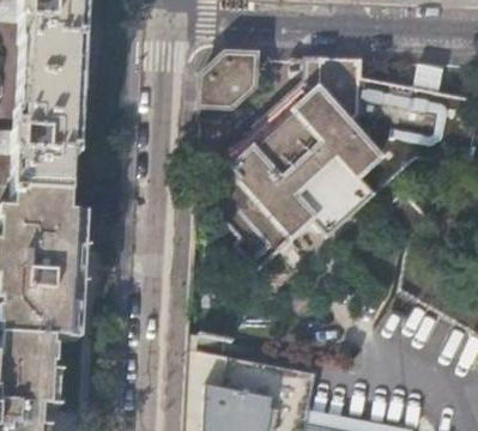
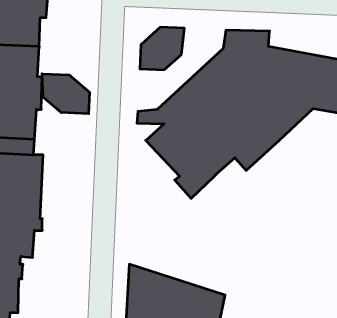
building: none -> [42,74,89,114]

